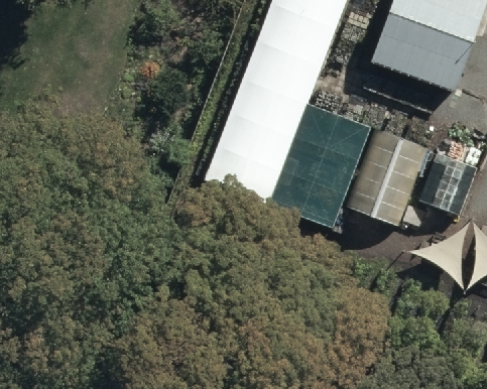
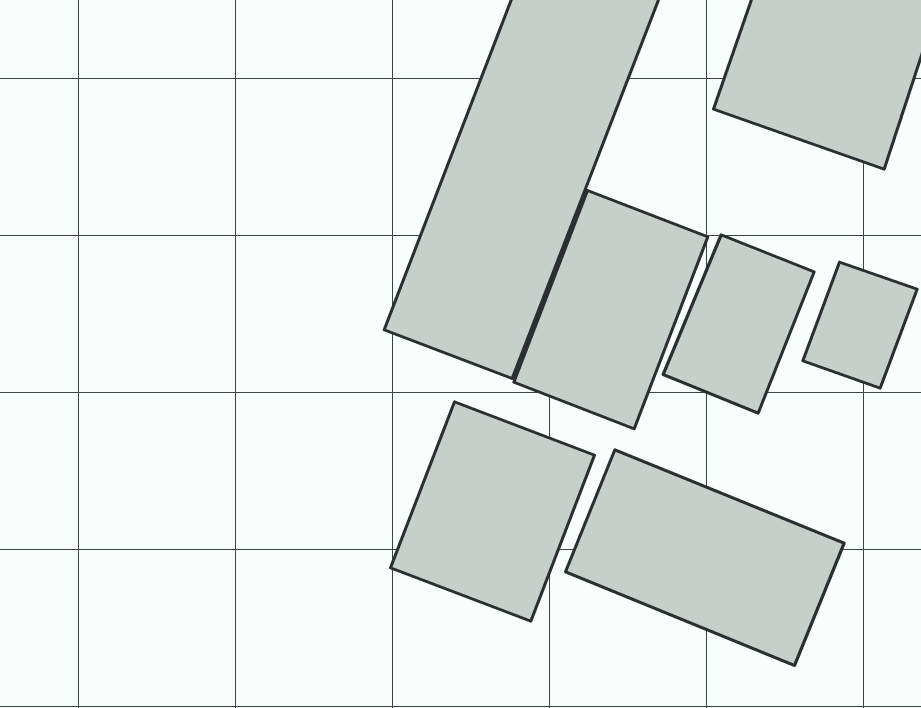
building: none -> [391,402,595,621]
building: none -> [565,450,844,665]

